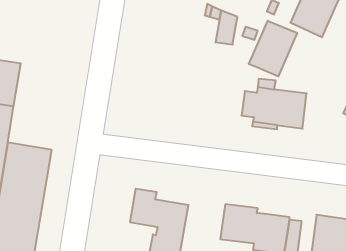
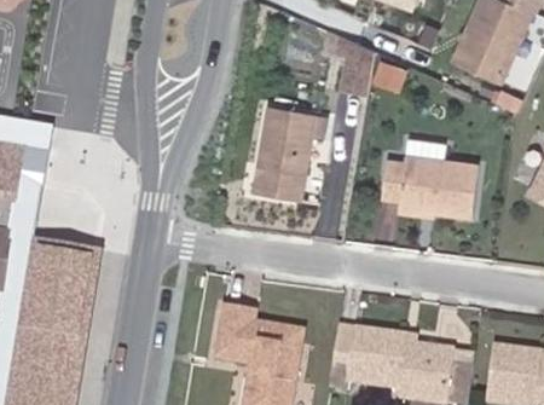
building: [249,21,297,76] -> none
building: none -> [255,109,313,199]

